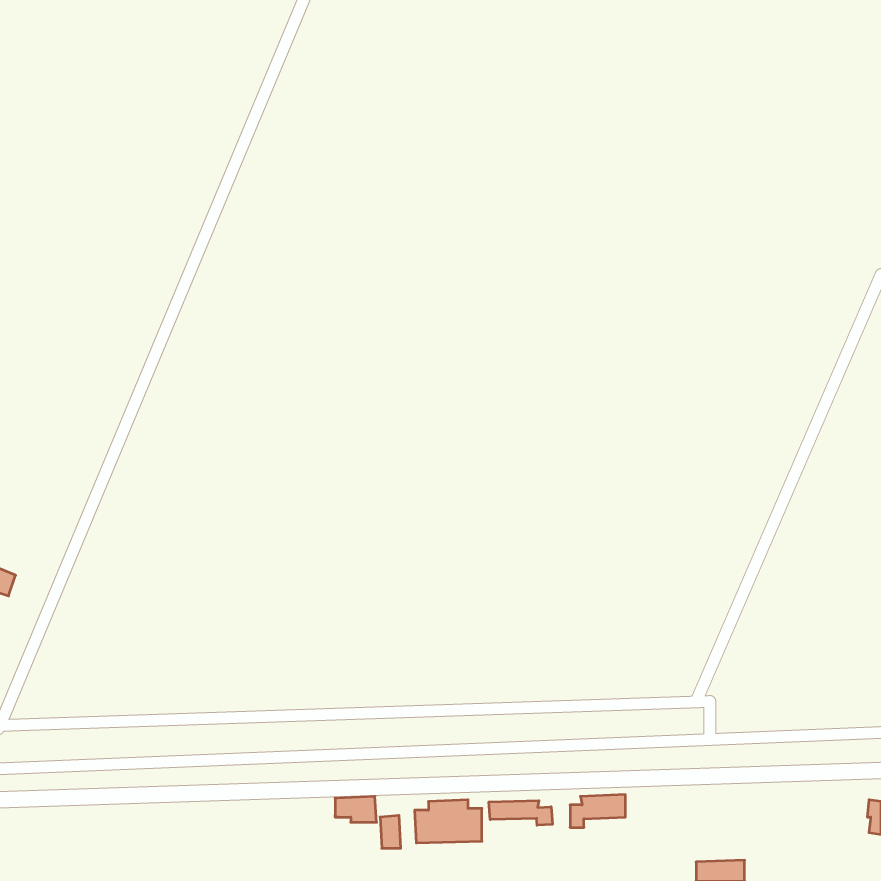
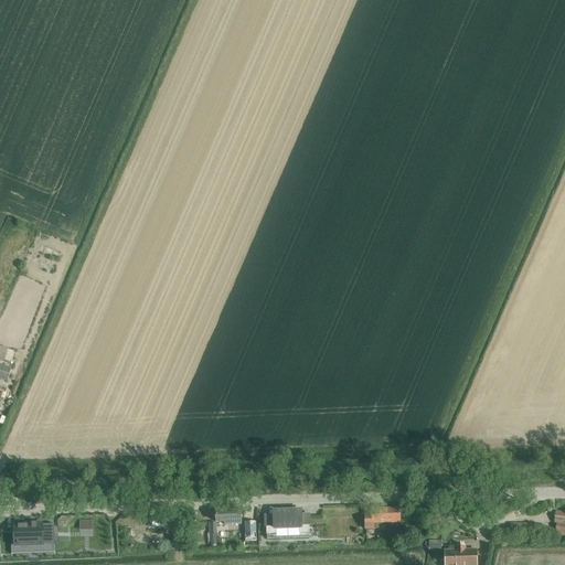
building: [489,801,552,825] -> none
building: none -> [11,522,55,554]

